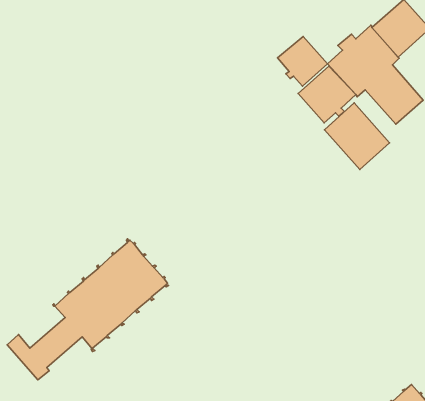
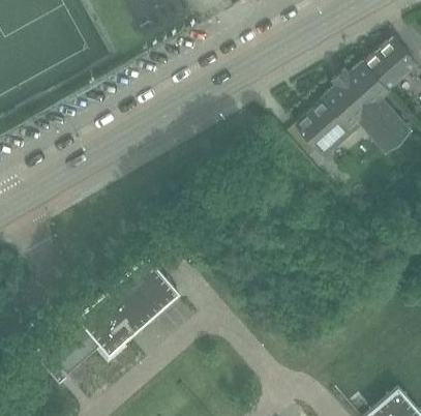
building: [277,36,328,86] -> none
building: [324,103,390,170] -> none

